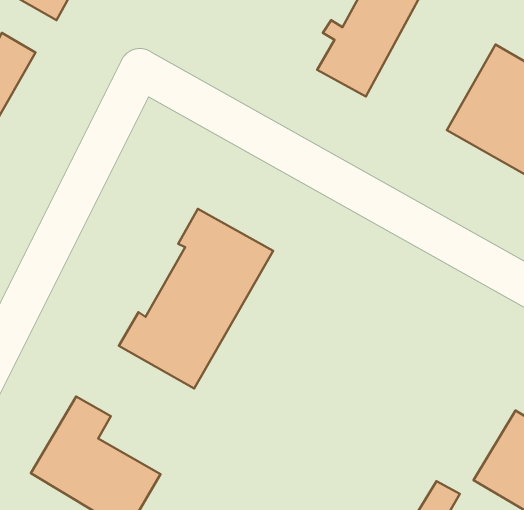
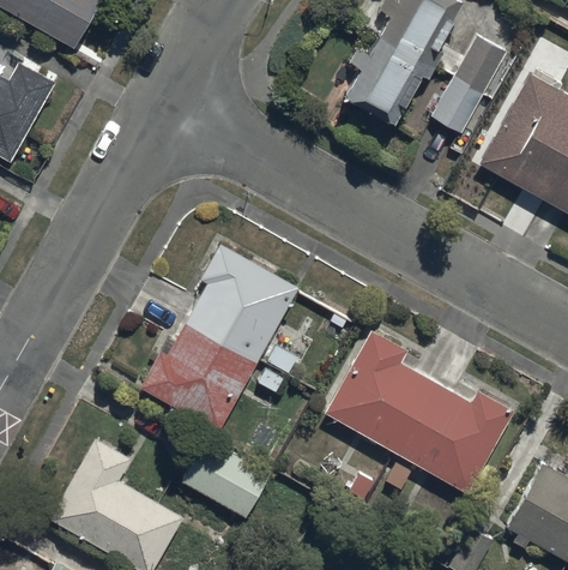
building: none -> [430,34,507,133]
building: none -> [322,330,514,494]
building: none -> [182,439,268,517]

